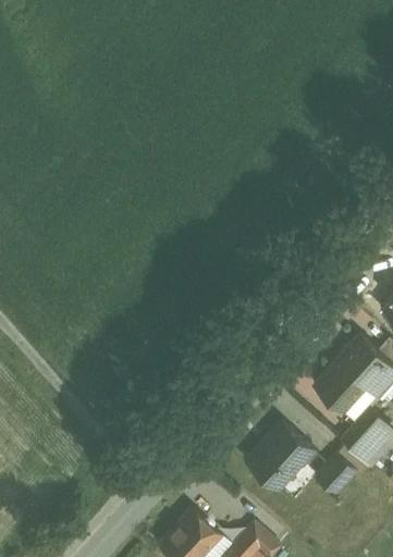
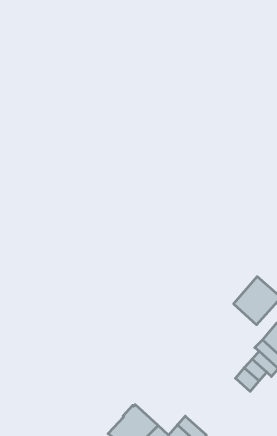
building: [248,422,317,490] -> none

